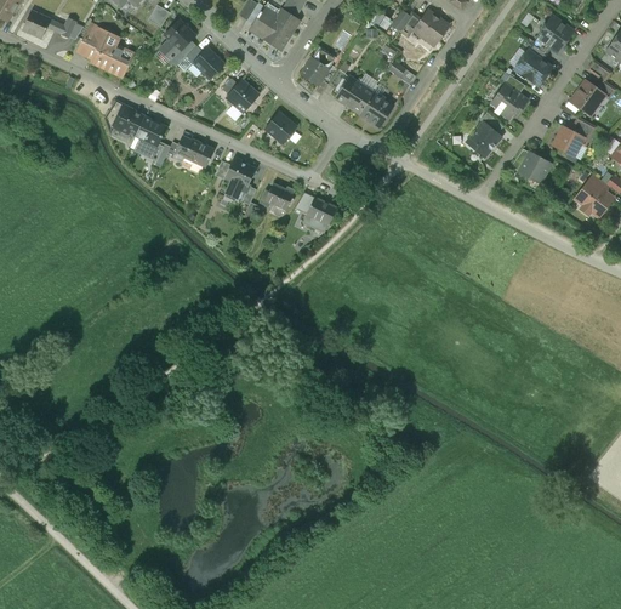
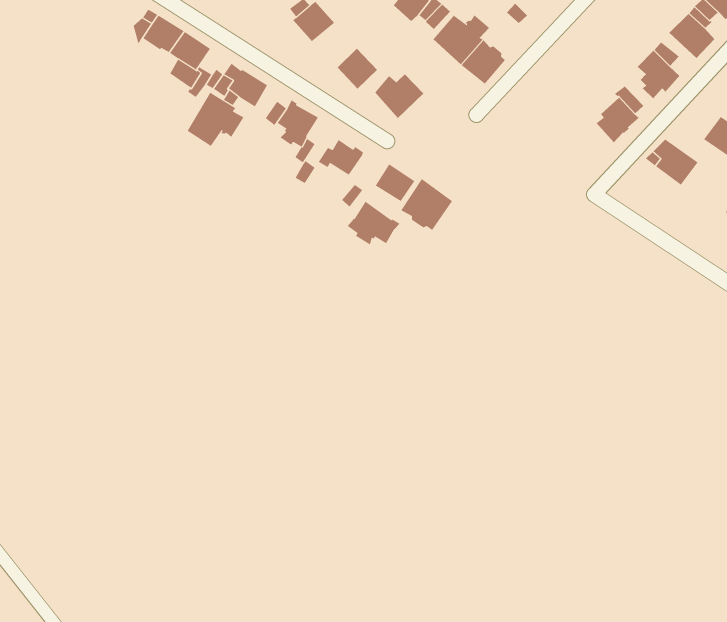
building: none -> [374,73,424,119]
building: none -> [187,92,244,147]
building: none -> [401,178,453,231]
building: none -> [347,201,400,246]

